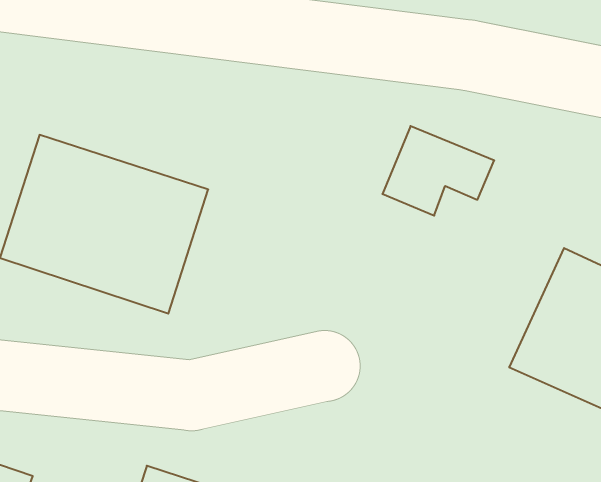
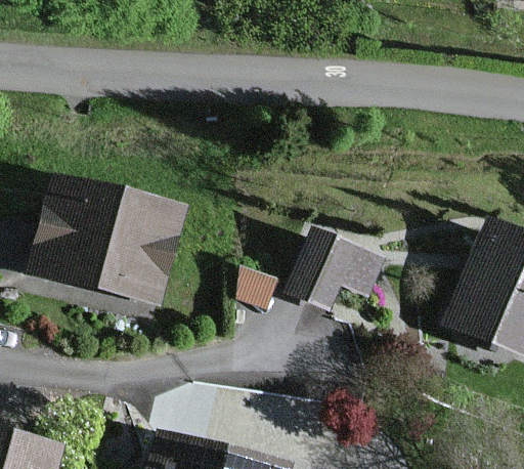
building: [382,126,494,216] -> [290,236,378,306]

